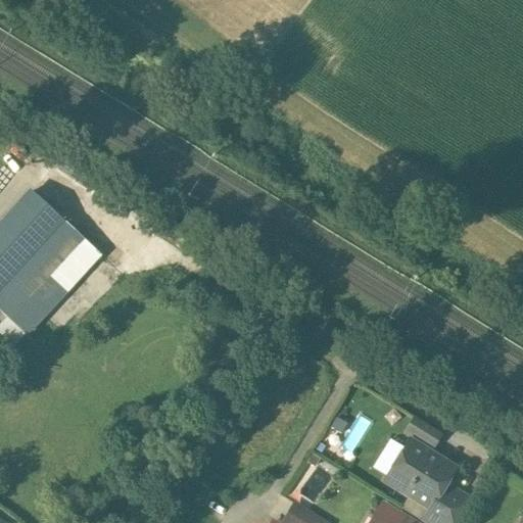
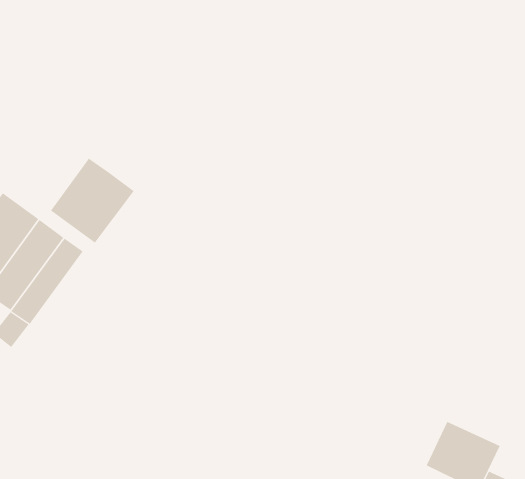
building: none -> [50,157,135,243]
building: [406,418,443,450] -> none

